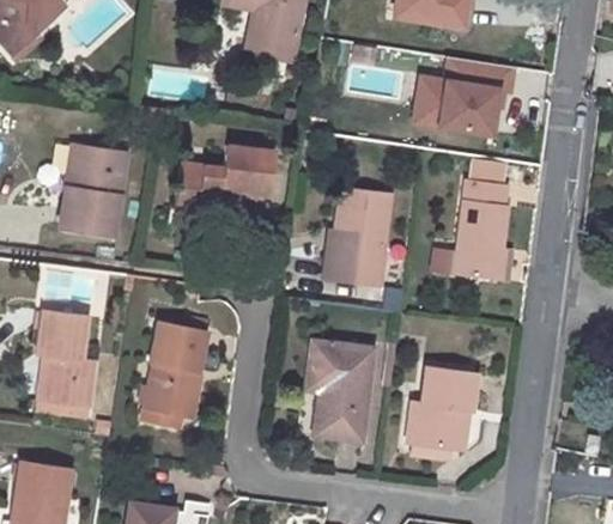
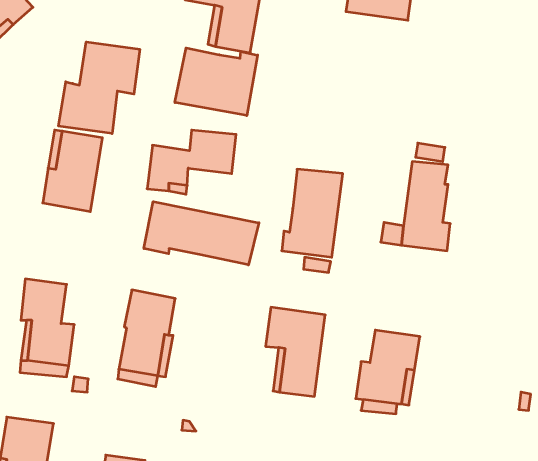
building: none -> [59,42,140,134]
building: none -> [175,48,258,116]
building: [406,55,509,144] -> none
building: none -> [144,202,259,265]

